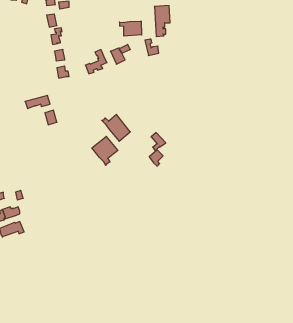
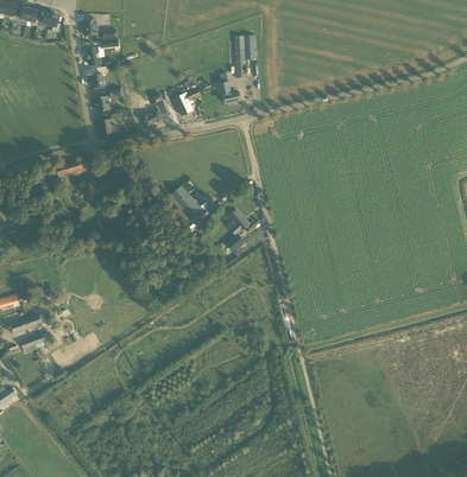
building: [119,21,142,36] -> none
building: [92,136,118,165] -> none

